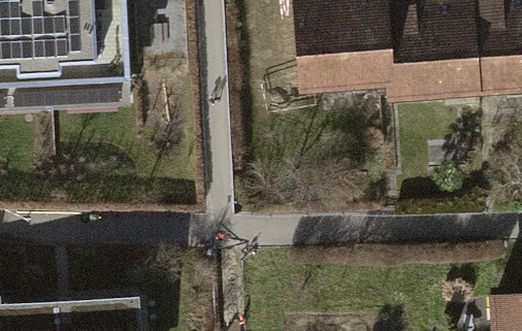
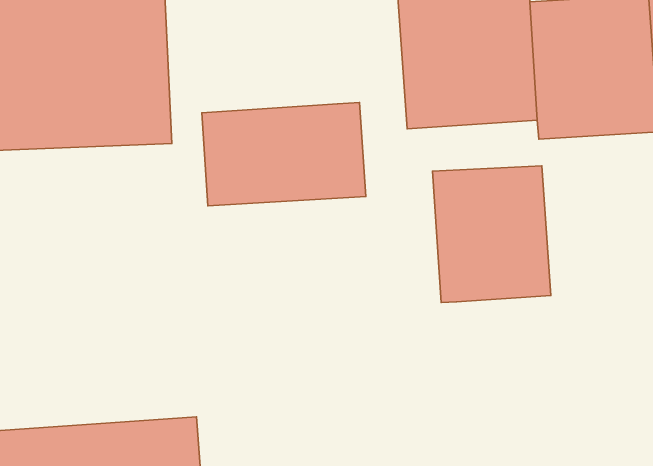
building: none -> [202,103,366,206]
building: none -> [432,166,551,302]

